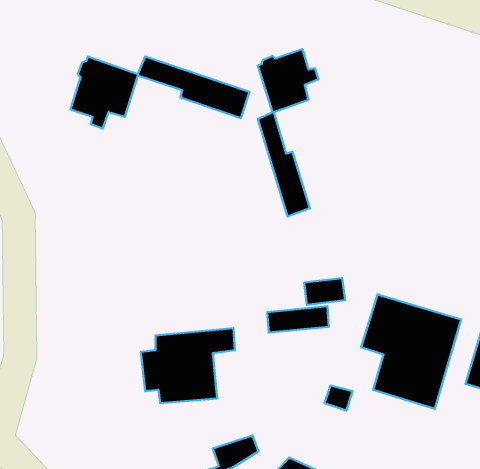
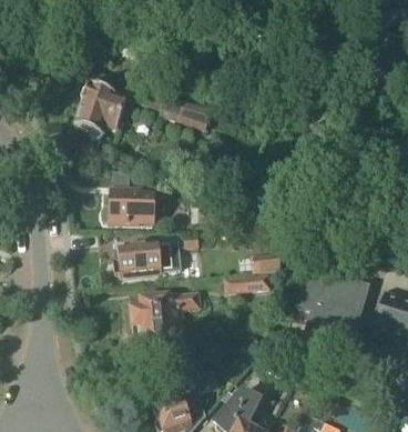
building: [258,49,319,217] -> none
building: none -> [101,189,159,225]
building: none -> [112,241,180,277]

